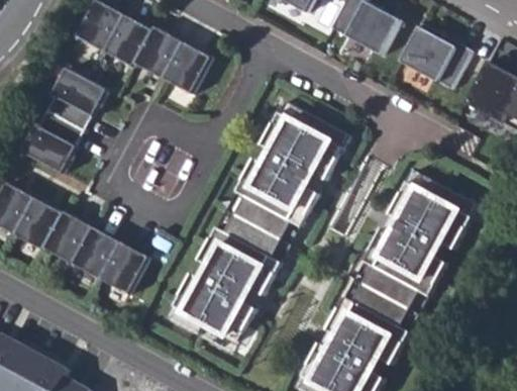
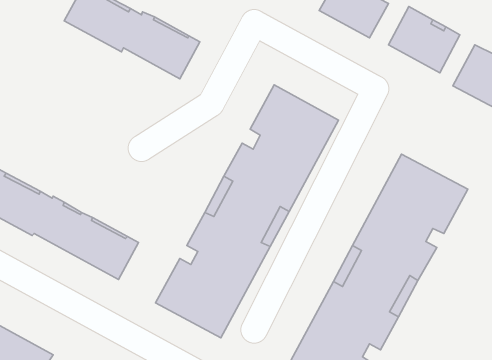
building: [21,68,107,174] -> none

